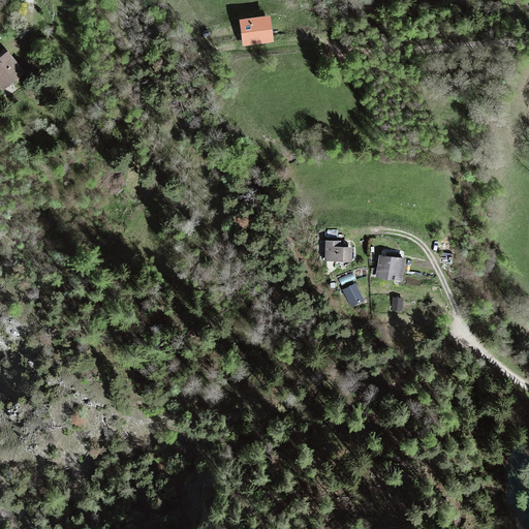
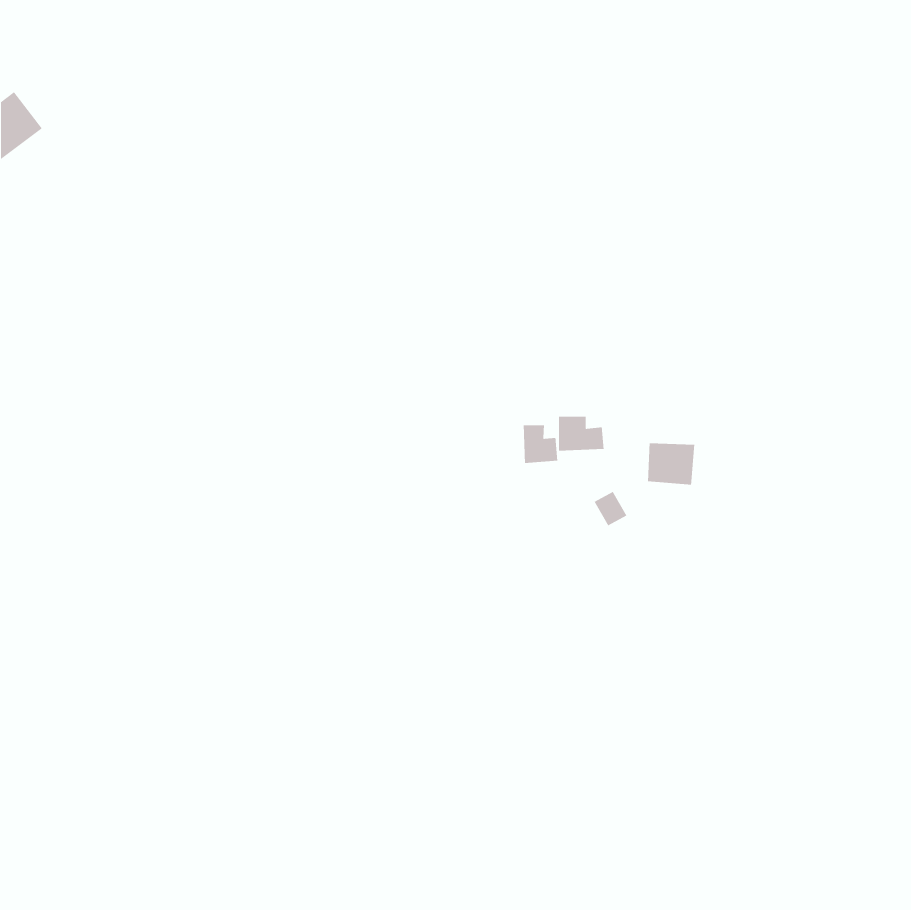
building: [241,17,272,41] -> none
building: none -> [523,424,558,464]

